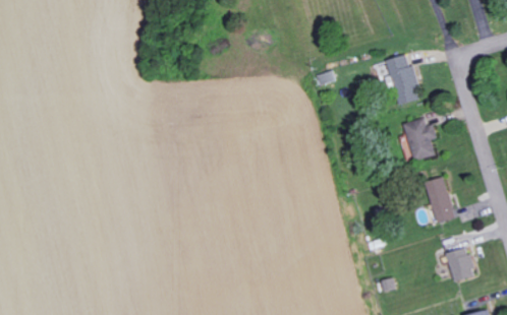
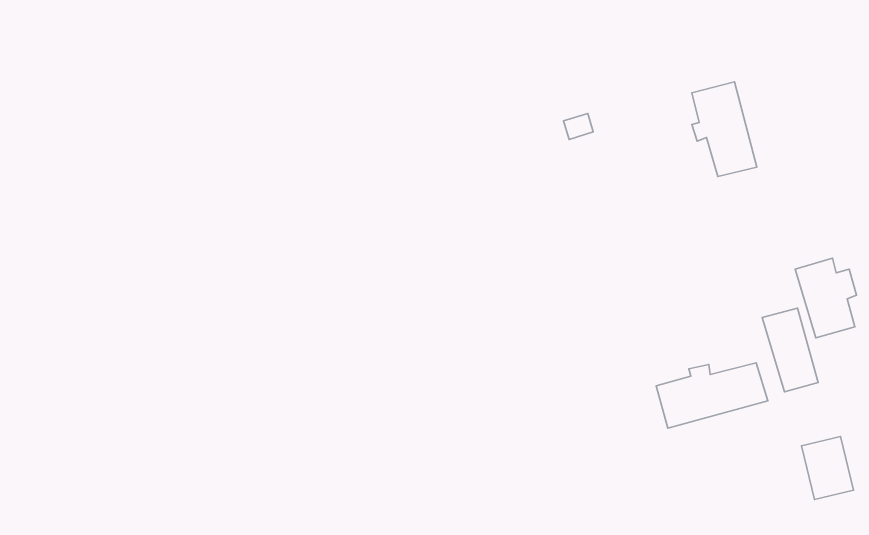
building: [402,117,436,161] -> [795,258,857,338]
building: none -> [656,363,768,428]

